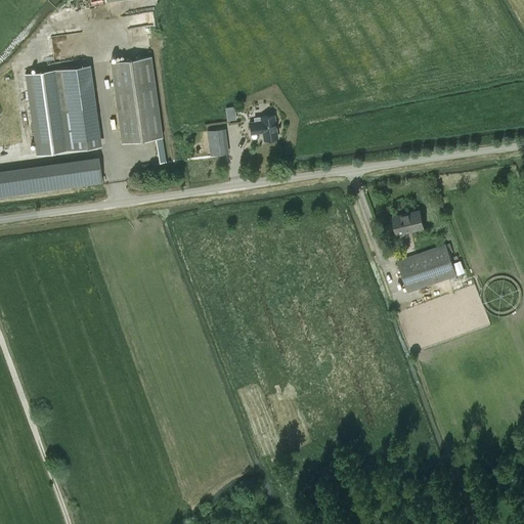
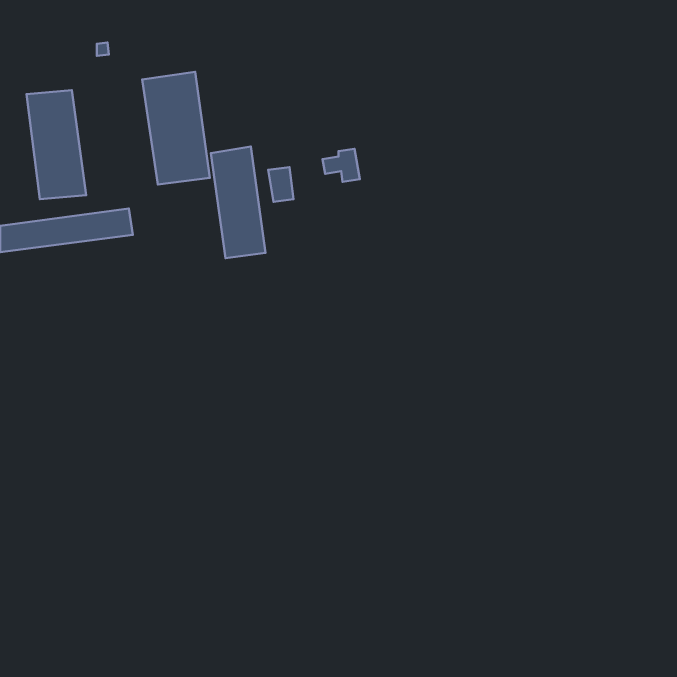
building: [56,66,98,151] -> [211,147,265,258]
building: [394,211,425,234] -> none
building: [398,246,458,293] -> none

